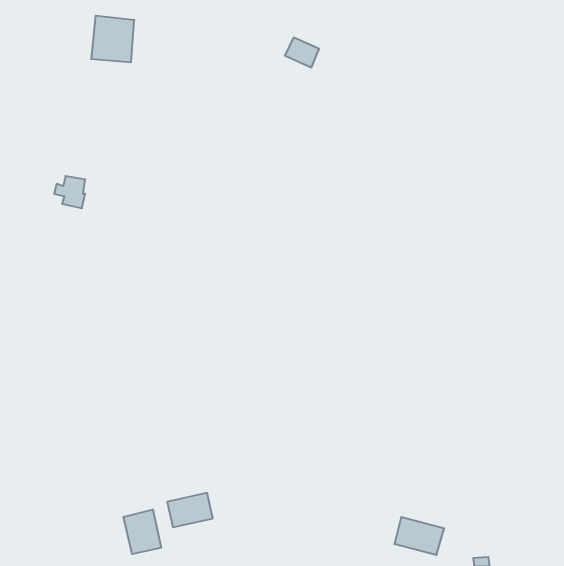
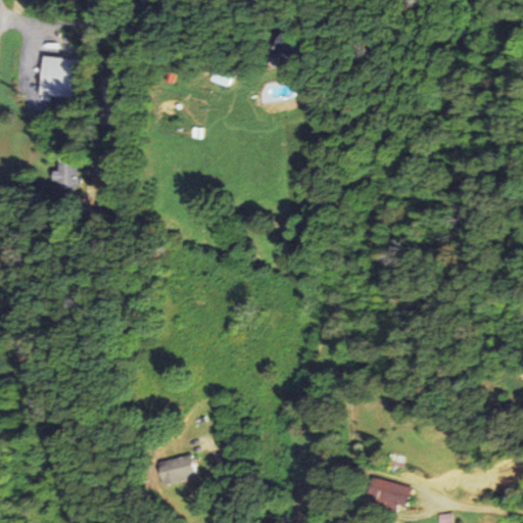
building: [91,16,134,62] -> [38,55,78,98]
building: [124,509,161,554] -> none

